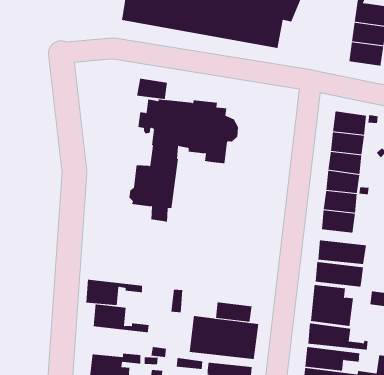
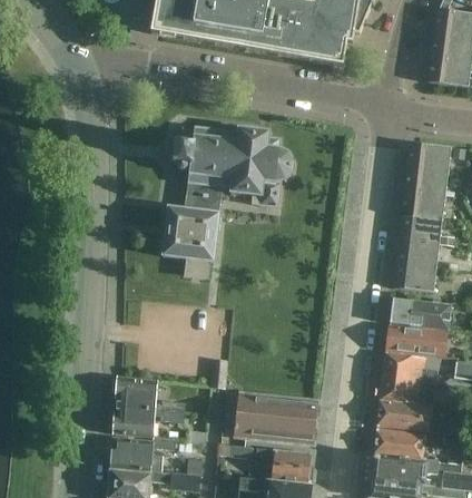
building: [137,78,168,100] -> none
building: [85,279,143,306] -> [114,404,184,437]
building: [215,301,252,323] -> none

